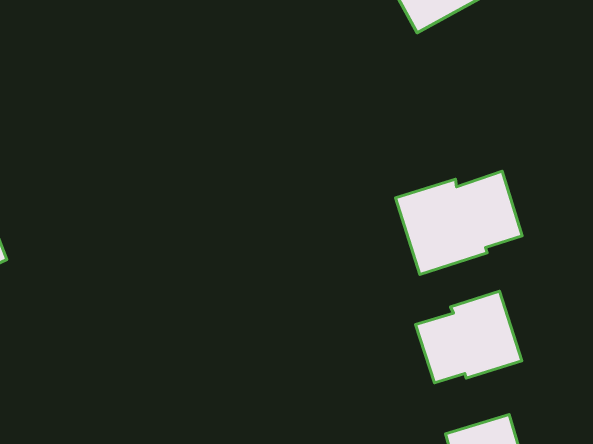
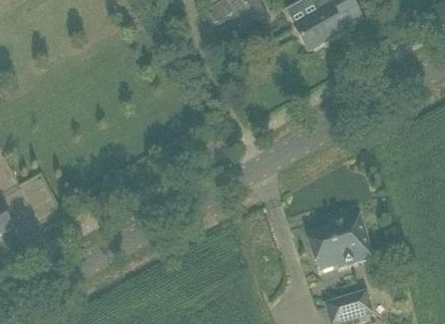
building: [395,171,522,275] -> none

